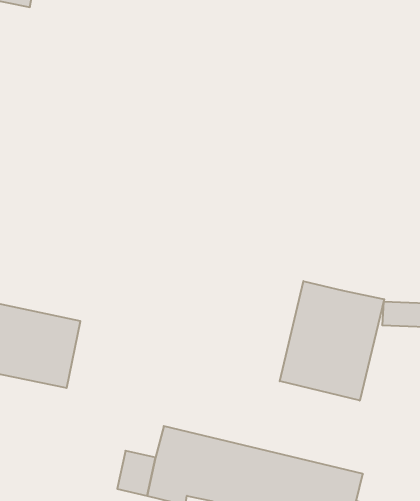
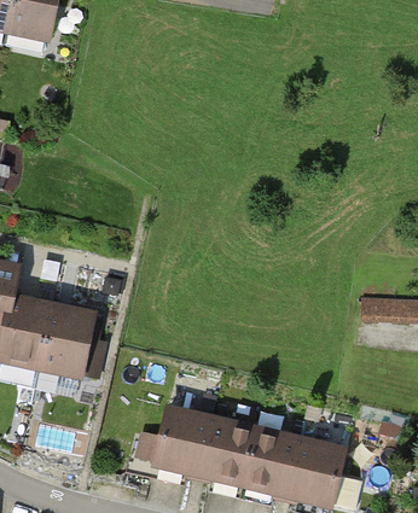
building: [280,281,384,401] -> none

